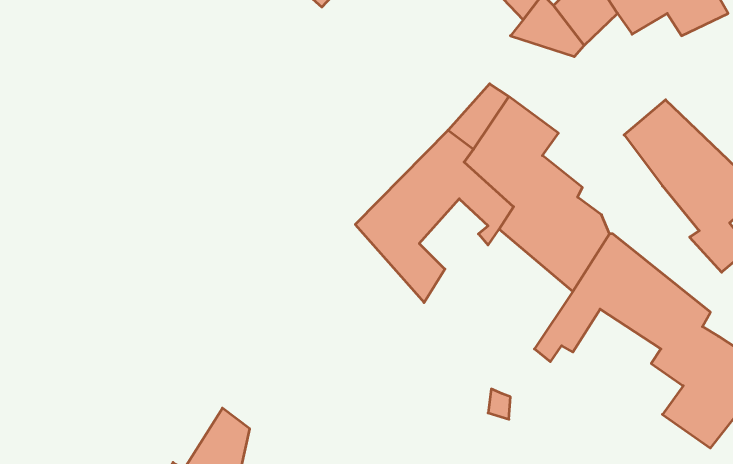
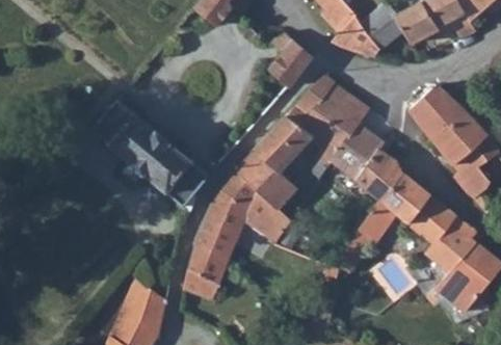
building: none -> [266,31,311,85]
building: none -> [90,97,207,209]
building: none -> [182,166,288,298]

